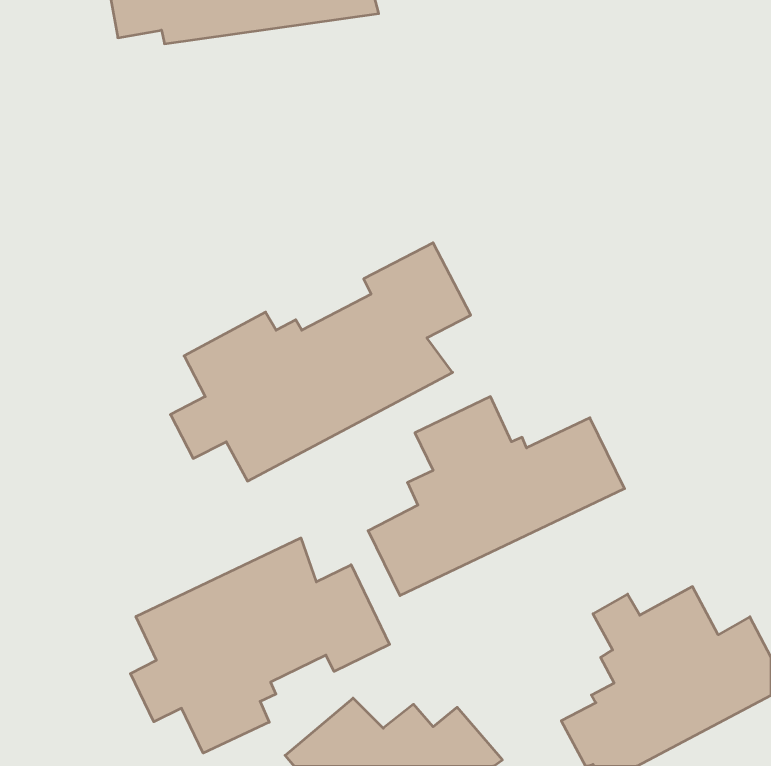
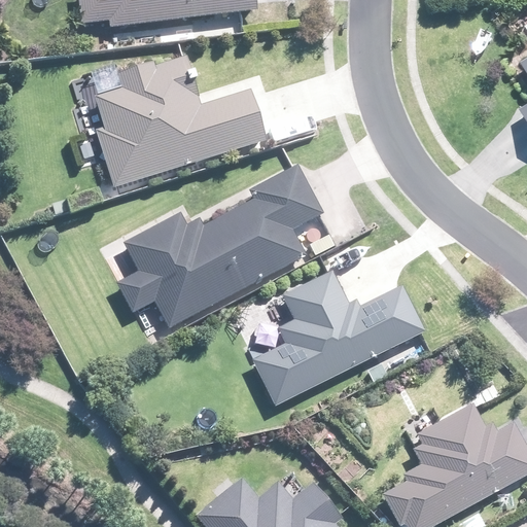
building: none -> [70,58,268,188]
building: [130,538,390,753] -> none

